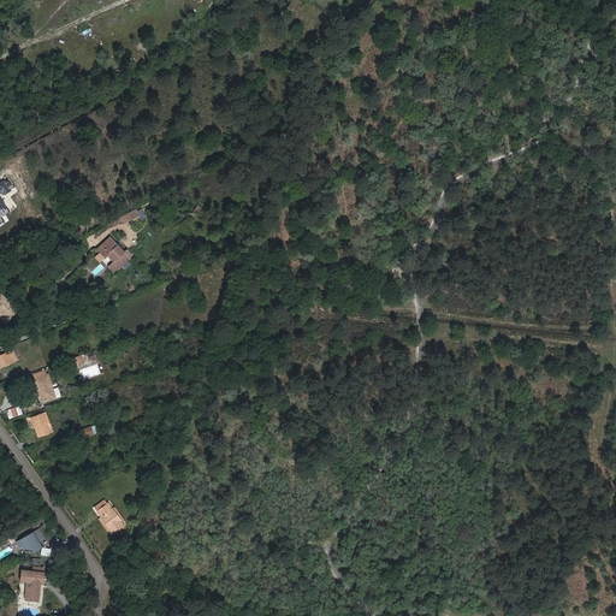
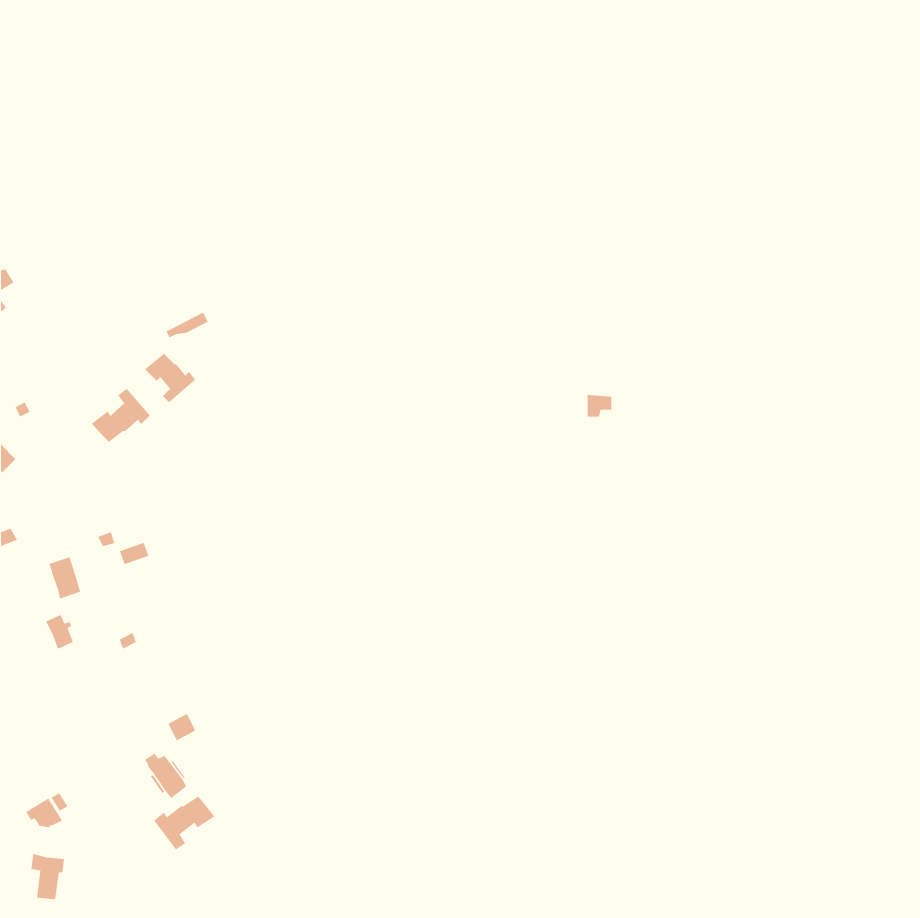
building: none -> [91,388,151,443]
building: none -> [153,795,215,851]

